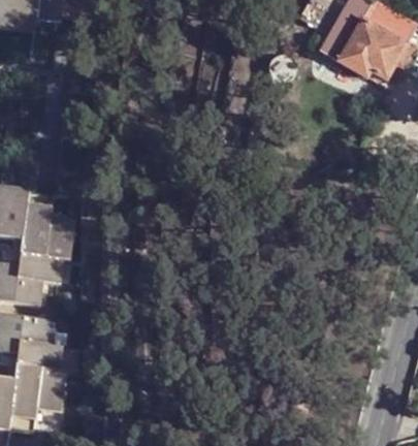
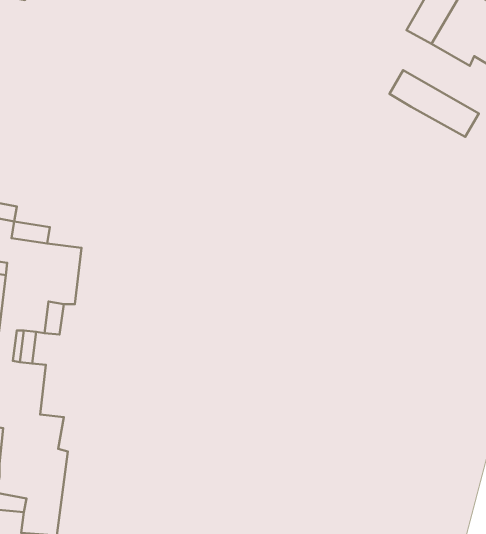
building: none -> [390,70,479,137]

